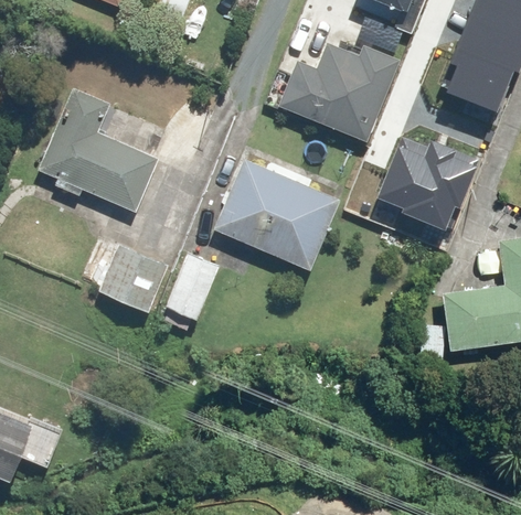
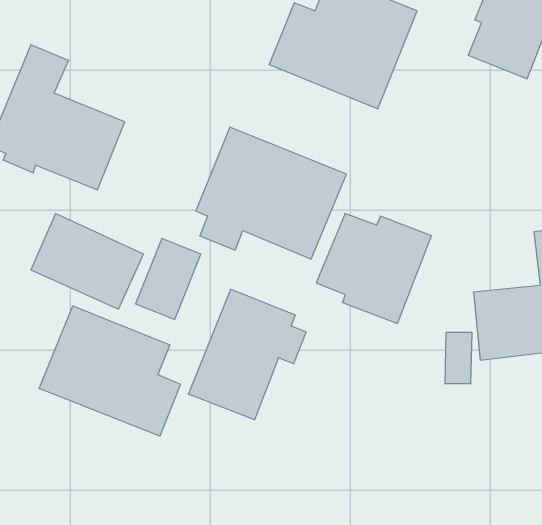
building: [375,143,472,236] -> [316,213,432,323]
building: none -> [189,289,306,420]
building: none -> [39,306,181,436]

